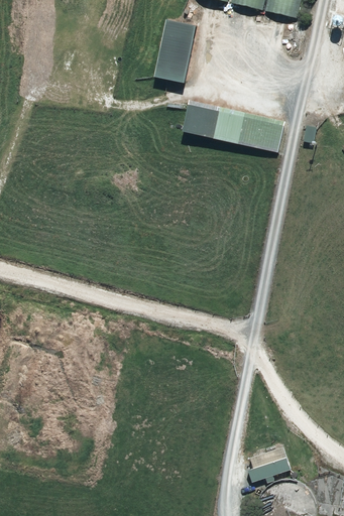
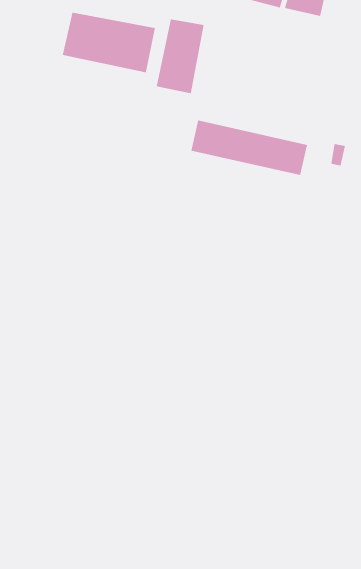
building: none -> [62,12,155,73]
building: [247,446,291,482] -> none

